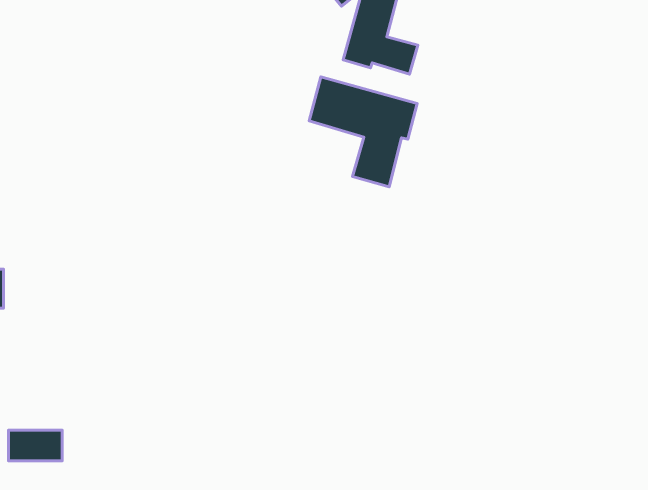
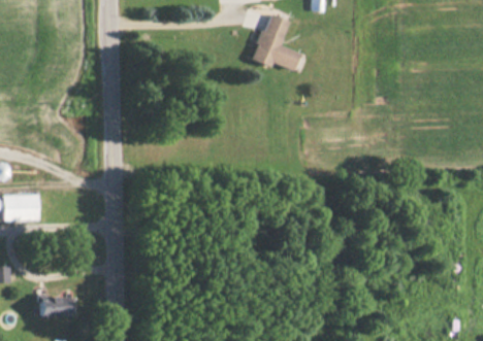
building: [309,77,417,187] -> none

